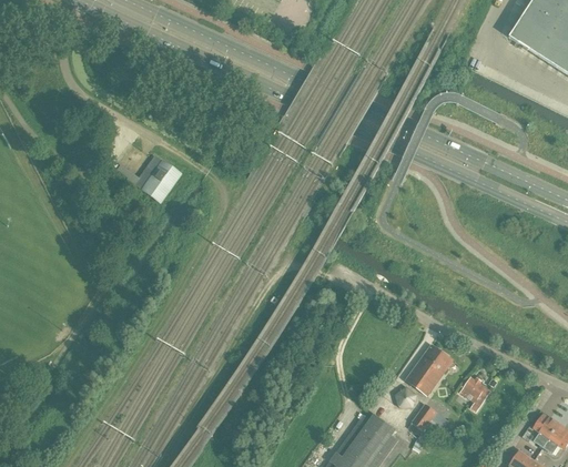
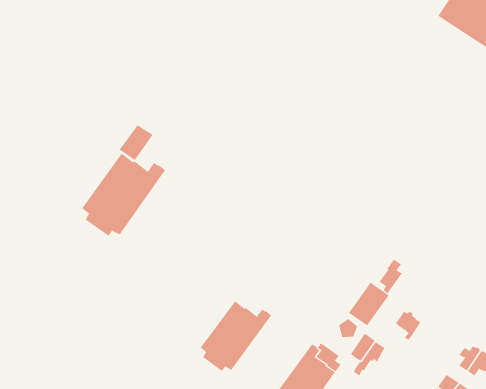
building: none -> [81,153,166,237]
building: none -> [379,259,402,294]
building: none -> [200,301,272,372]

